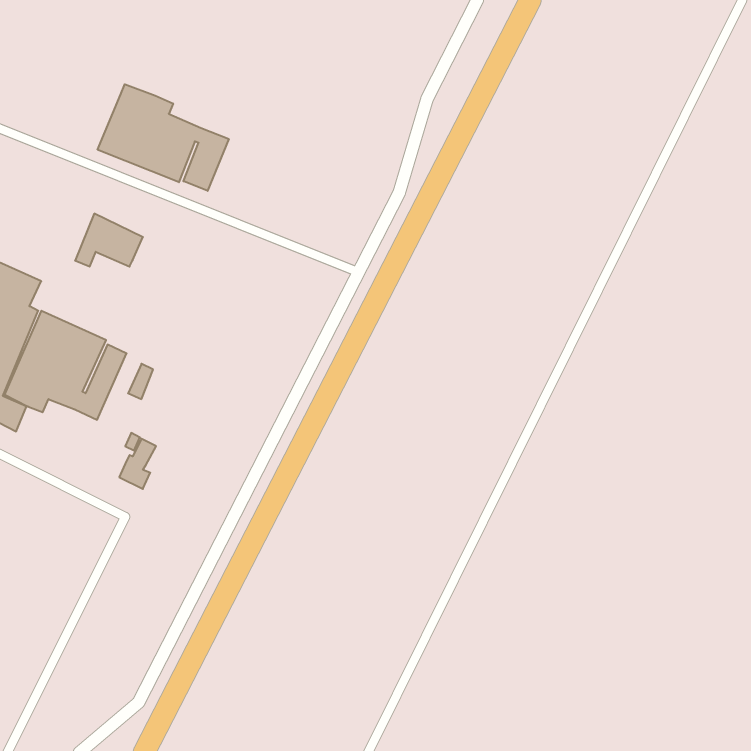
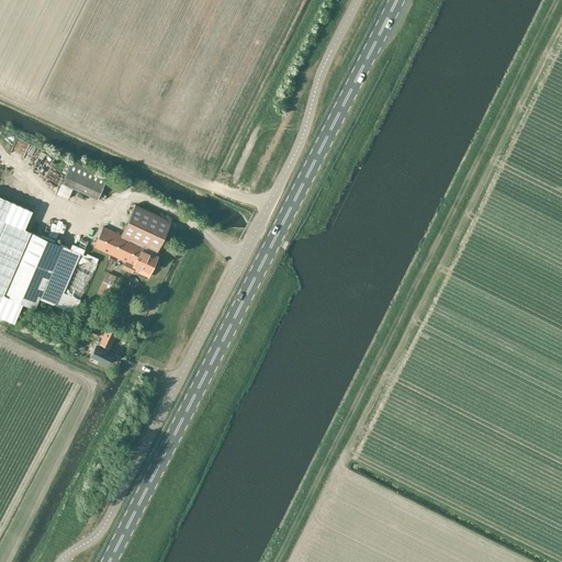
building: [98,84,229,191] -> none
building: none -> [92,205,170,277]

